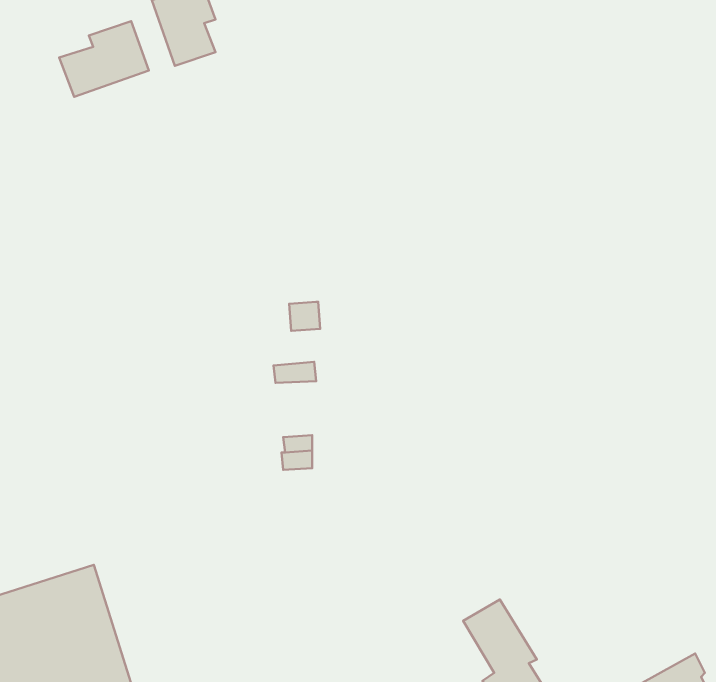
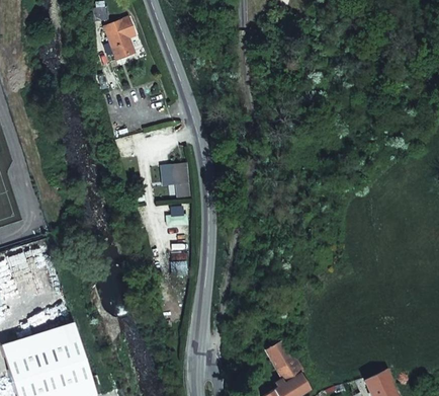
building: [59,21,149,97] -> none
building: none -> [169,162,188,184]

